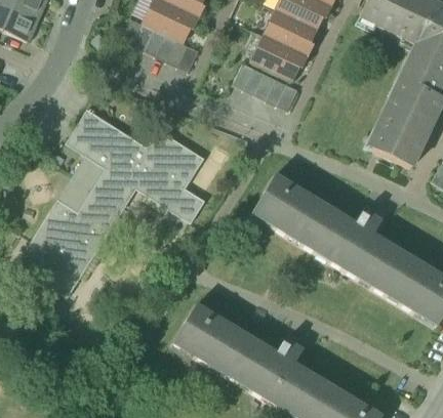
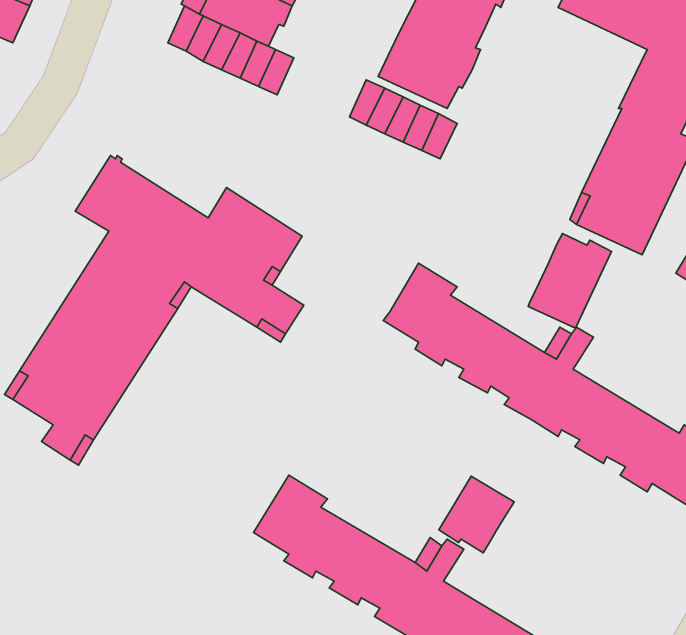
building: none -> [528,234,612,328]
building: none -> [439,476,514,553]

